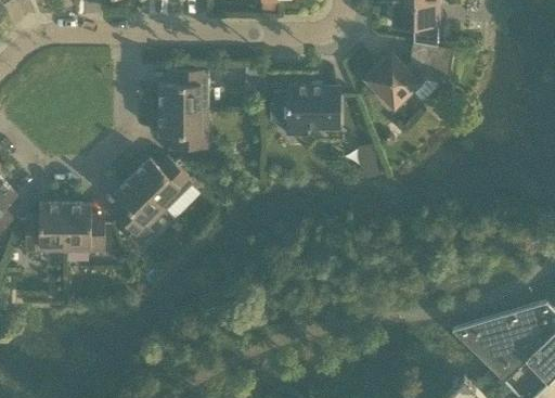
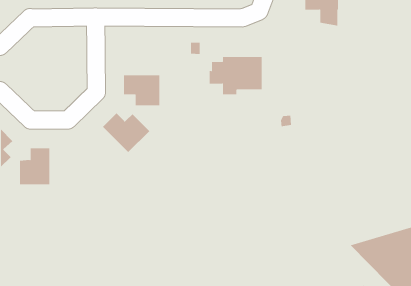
building: [363,43,453,113] -> none
building: [159,72,207,111] -> none
building: [114,178,166,247] -> none
building: [65,205,105,253] -> none

